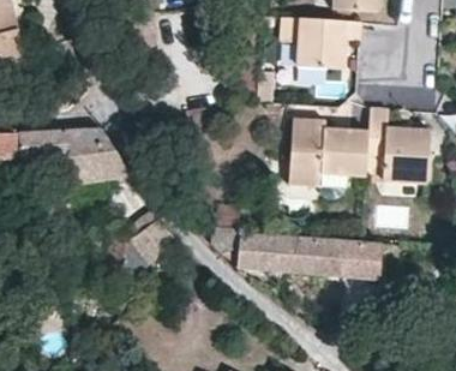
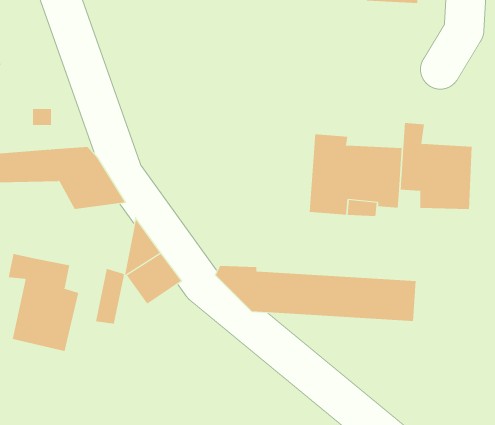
building: [295,13,361,66] -> none
building: none -> [8,253,79,352]

